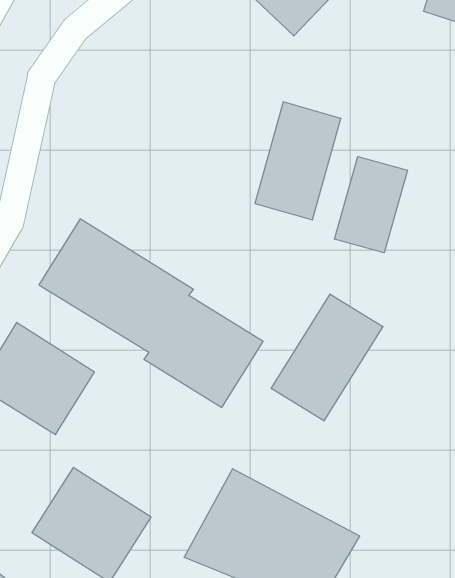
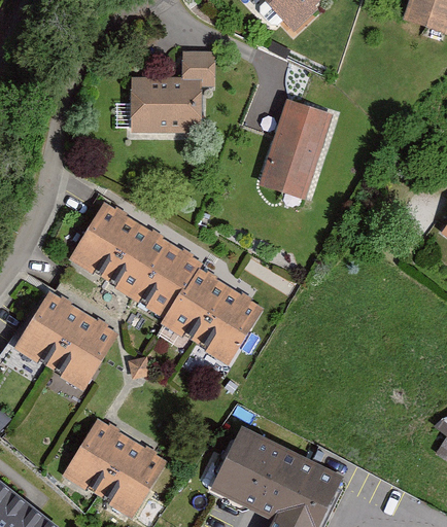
building: none -> [118,59,215,145]
building: [335,157,407,253] -> none
building: [271,294,383,421] -> none

